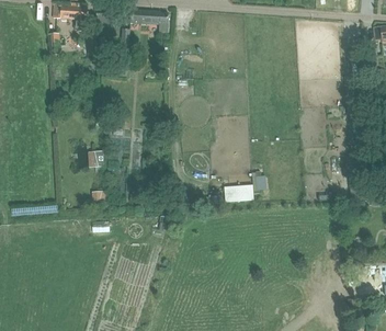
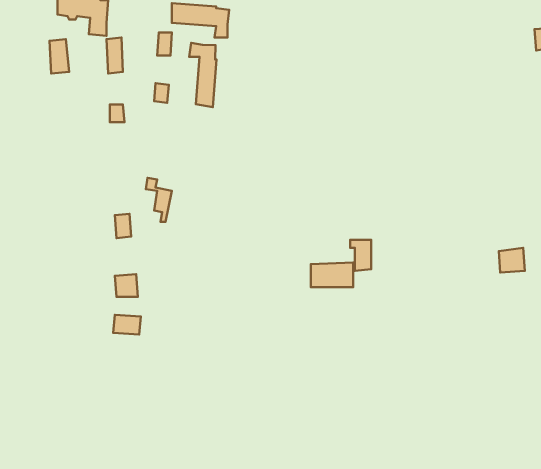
building: none -> [189,43,216,107]

